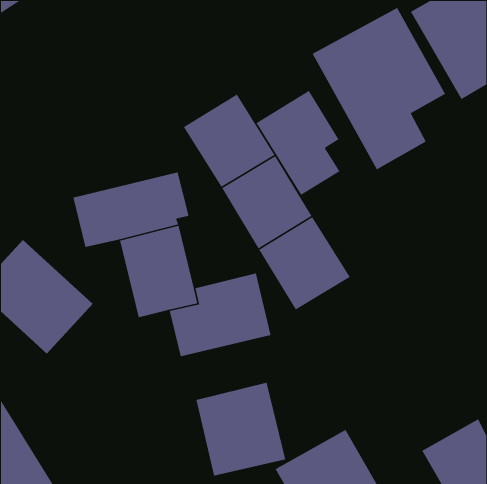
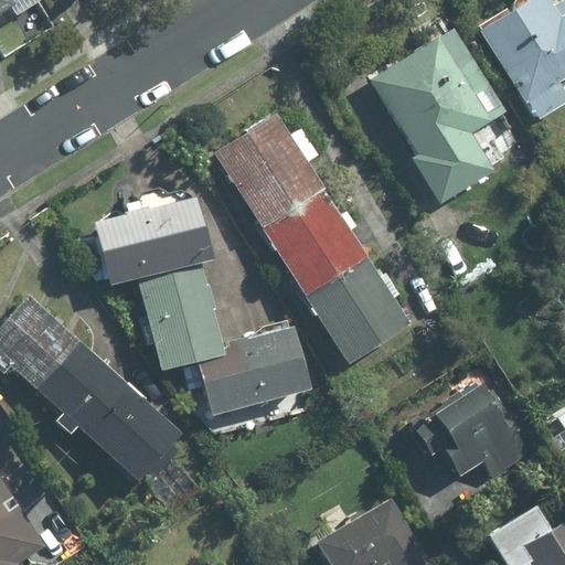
building: [255,90,341,196] -> none
building: none -> [54,355,191,489]
building: none -> [416,386,526,483]
building: [195,382,286,477] -> none

